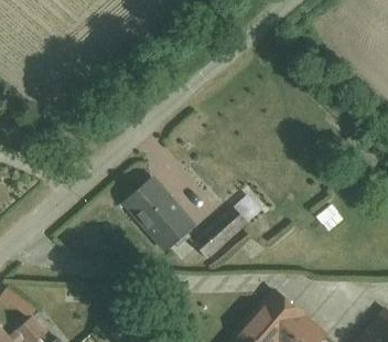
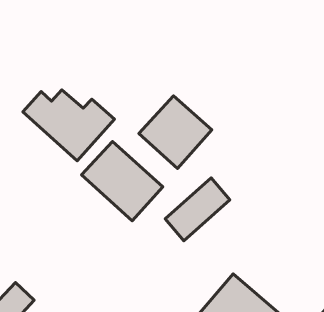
building: none -> [23,90,115,161]
building: none -> [139,96,212,168]

